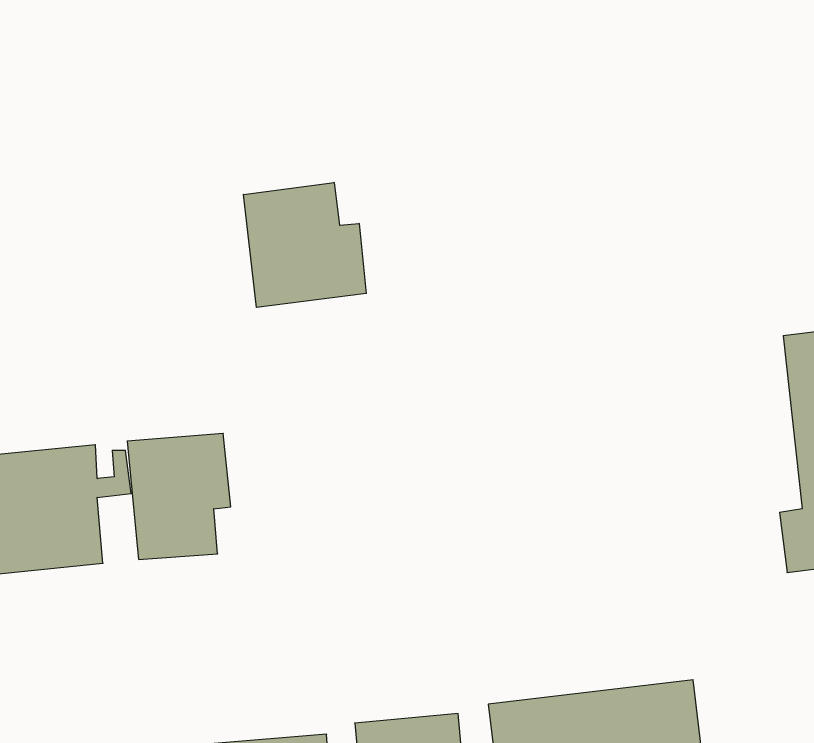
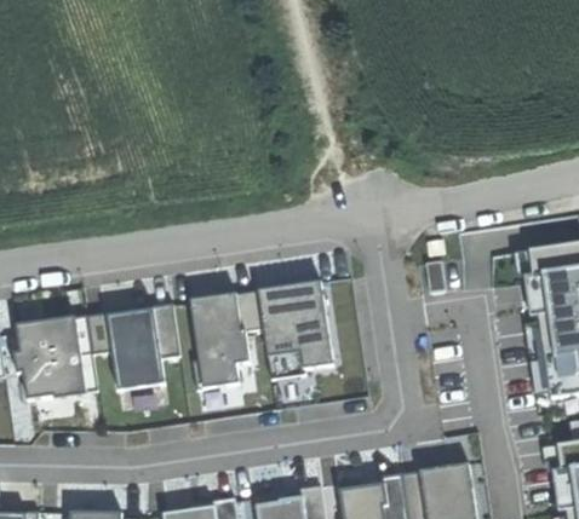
building: [244,182,366,307] -> none
building: none -> [188,282,337,387]

